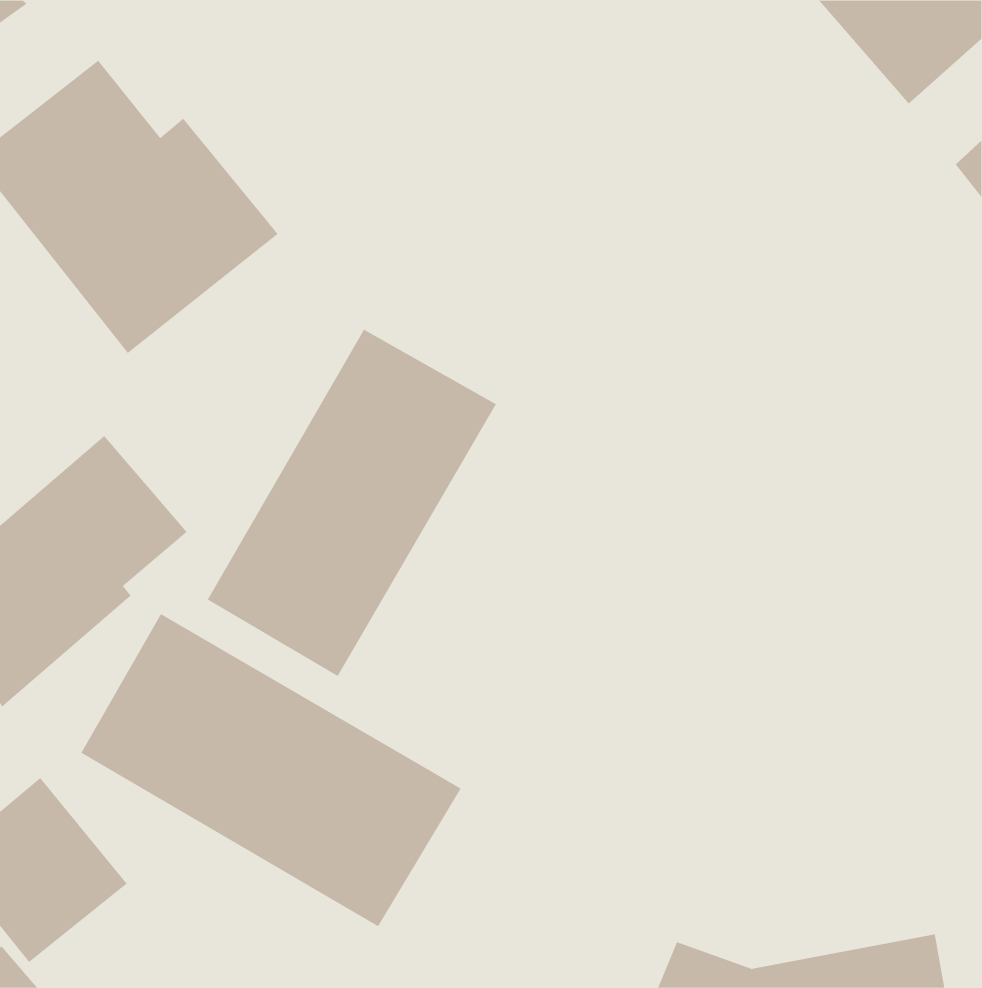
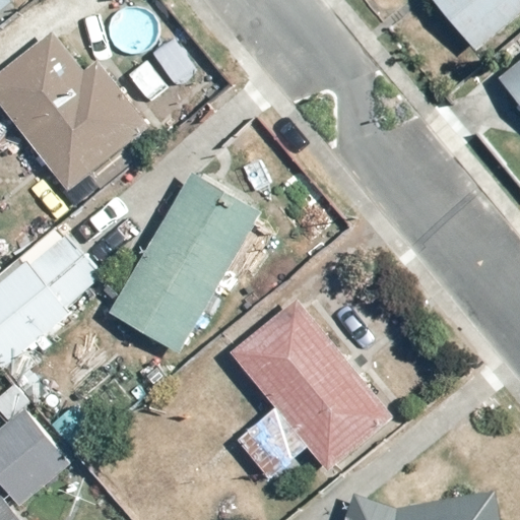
building: none -> [232,300,397,480]
building: [80,613,462,927] -> none

